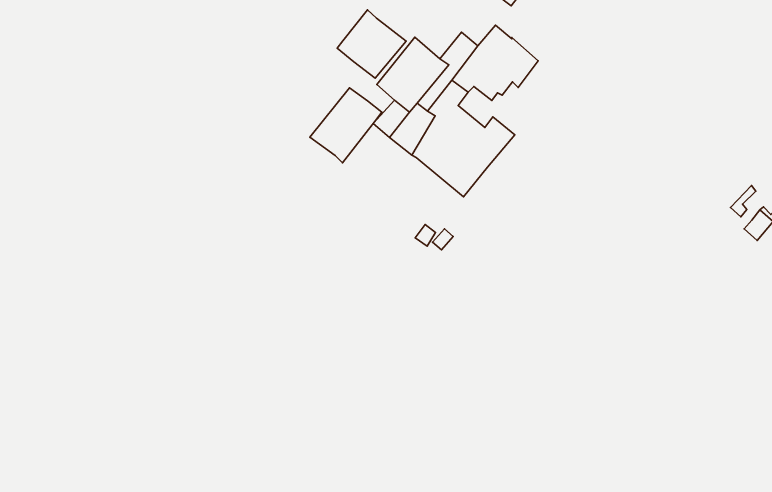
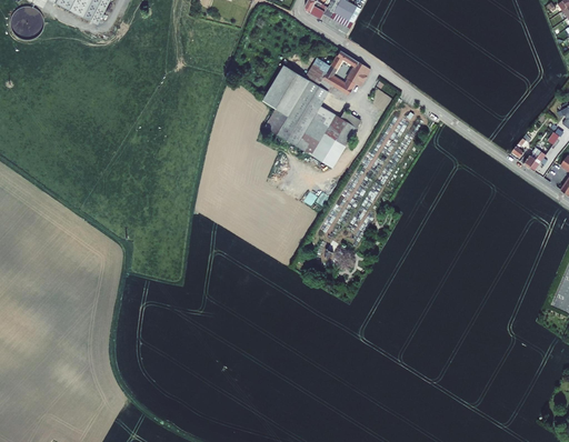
building: [337,10,406,78] -> none
building: [310,88,382,163] -> none

